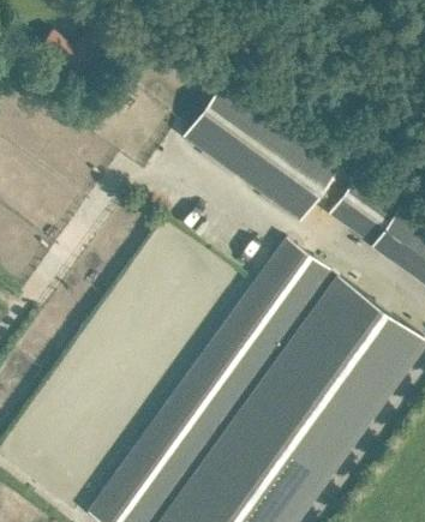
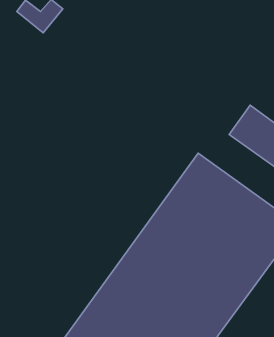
building: [181,78,341,221] -> none

